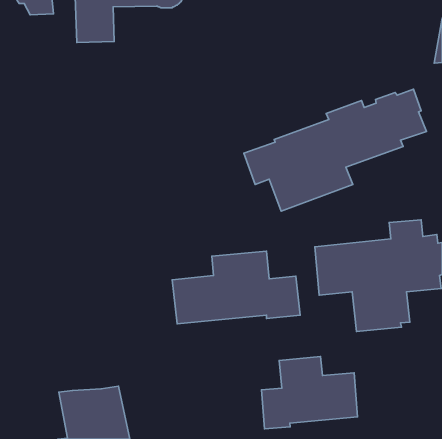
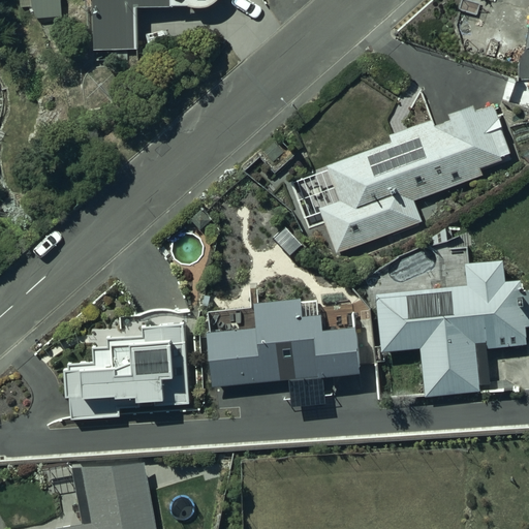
building: none -> [63,323,189,422]
building: [261,356,358,429] -> none

